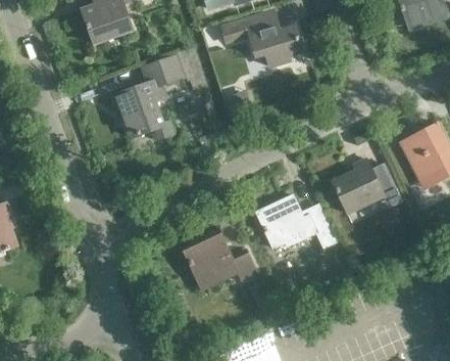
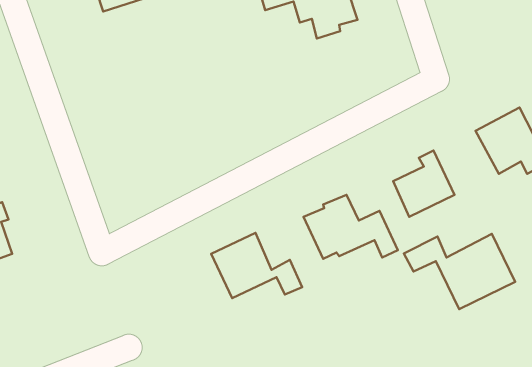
building: [112,56,183,136] -> none
building: none -> [404,234,515,309]

